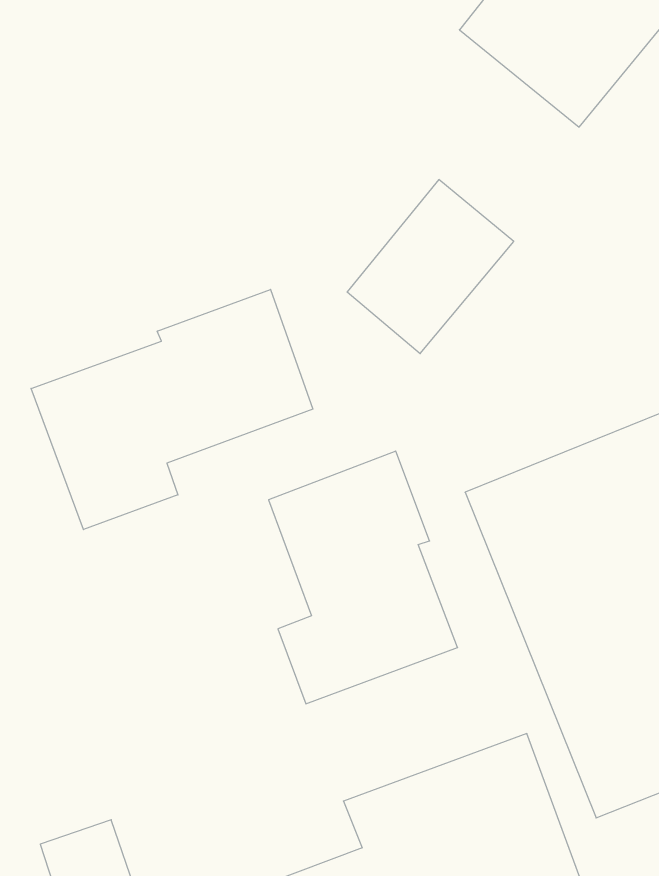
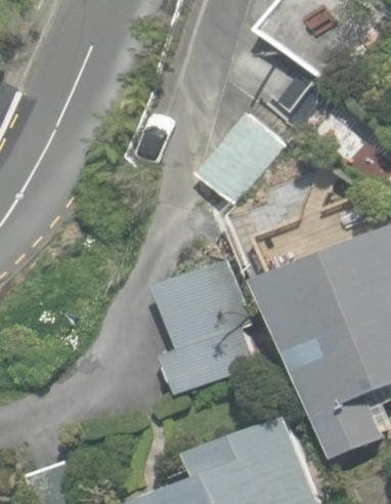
building: [31,289,313,530] -> none

